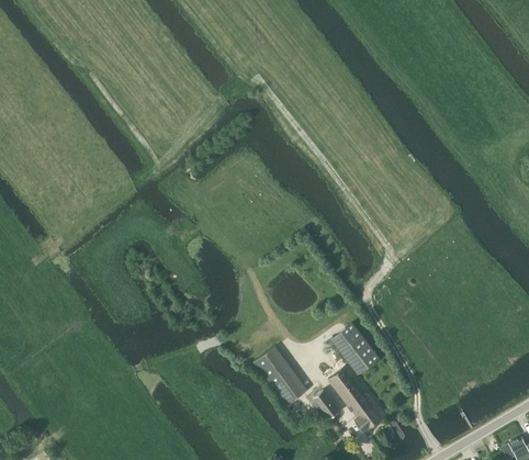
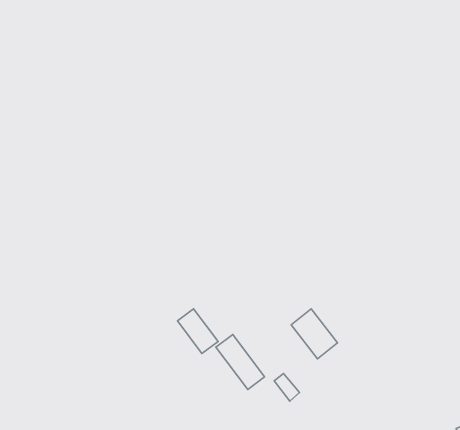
building: none -> [177,309,218,354]
building: [328,364,386,433] -> none

